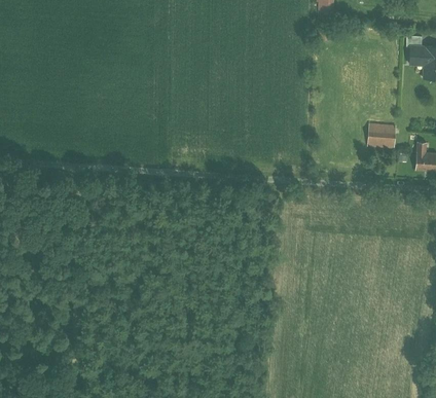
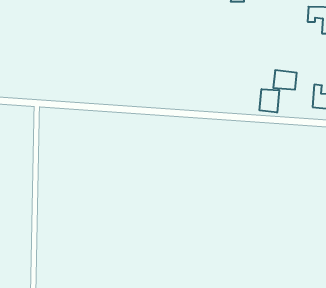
building: none -> [260,89,279,113]

